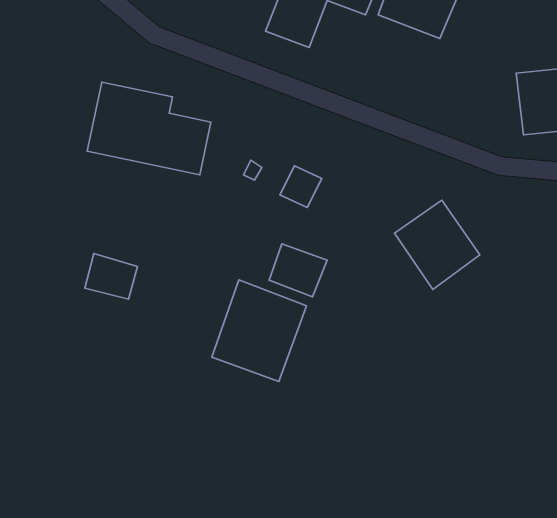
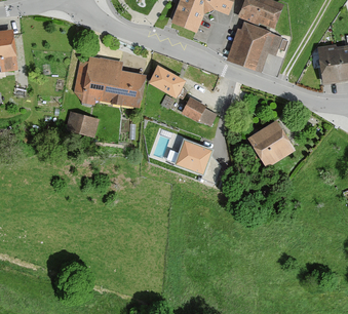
building: none -> [227,18,282,69]
building: none -> [149,62,187,93]
building: [85,254,137,299] -> [66,109,95,134]
building: [212,280,306,381] -> none

